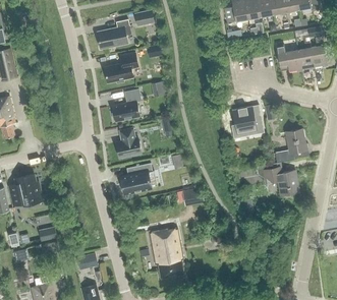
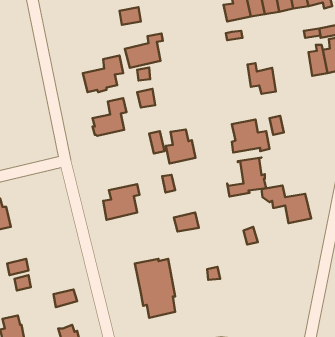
building: [97,19,129,49] -> [125,34,163,68]
building: [277,45,301,71] -> [247,63,276,94]
building: [116,128,142,158] -> [166,129,195,164]
building: [275,129,308,163] -> [227,158,266,197]

